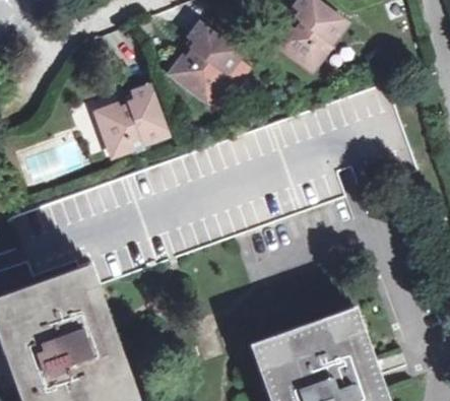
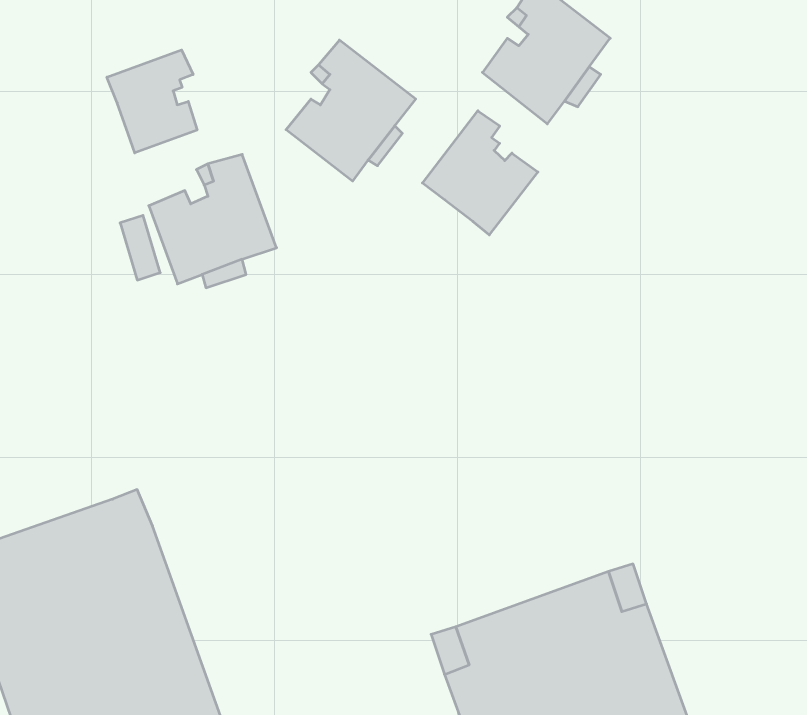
building: none -> [107,50,197,153]
building: none -> [422,111,538,235]

